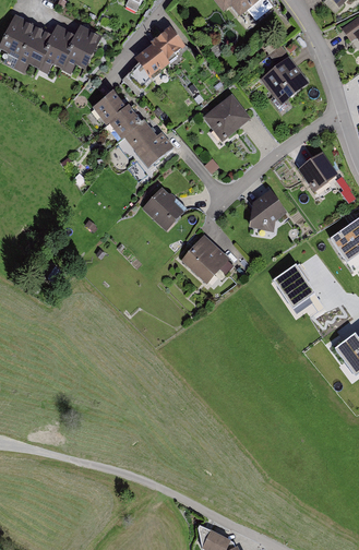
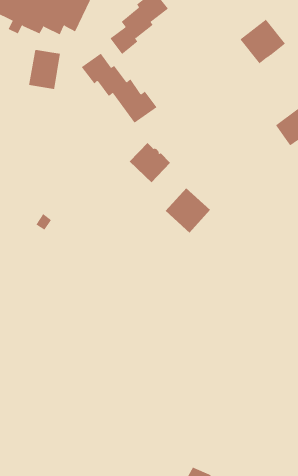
building: none -> [29,48,60,90]
building: [202,94,251,141] -> none
building: [249,190,286,230] -> none
building: [273,262,314,306] -> none

